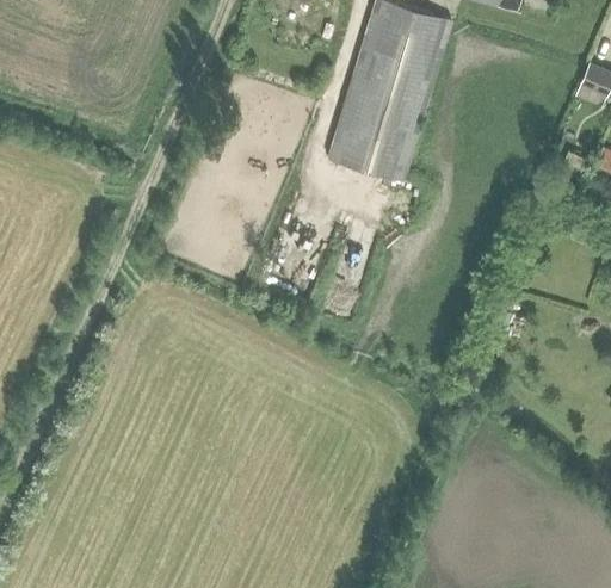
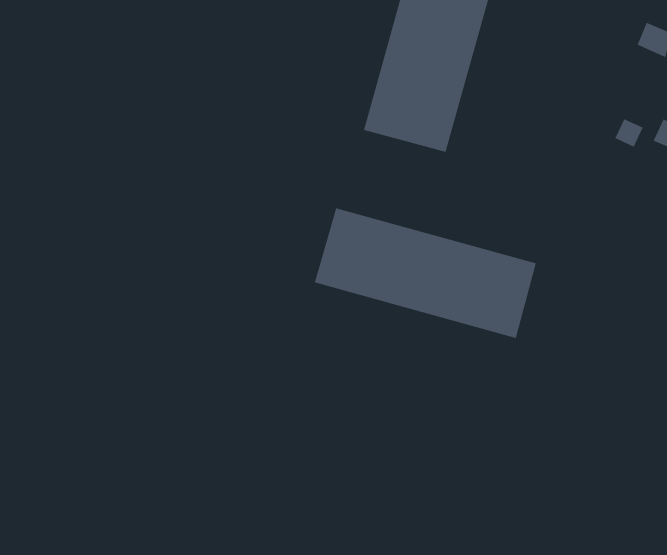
building: none -> [314,208,537,339]

